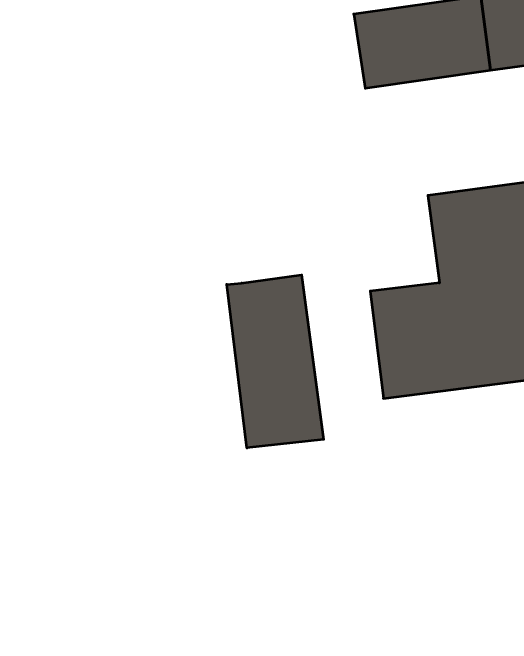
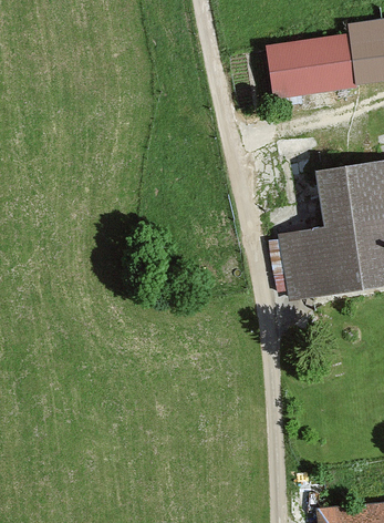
building: [227,275,324,448] -> none

